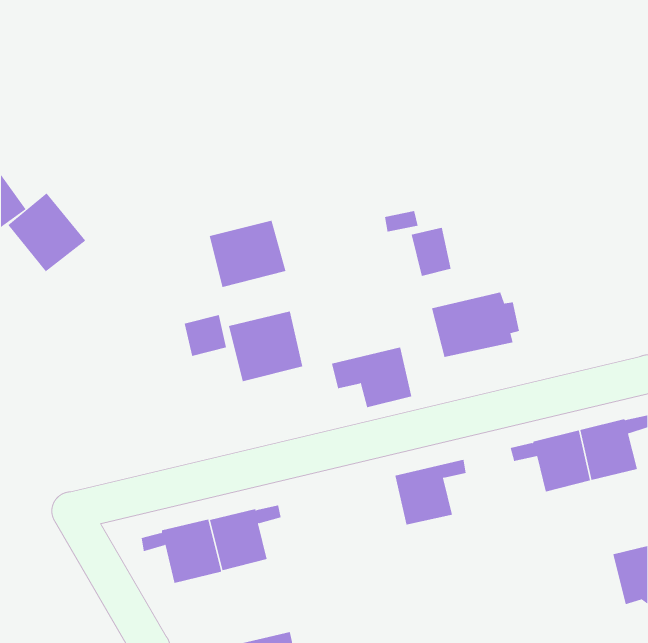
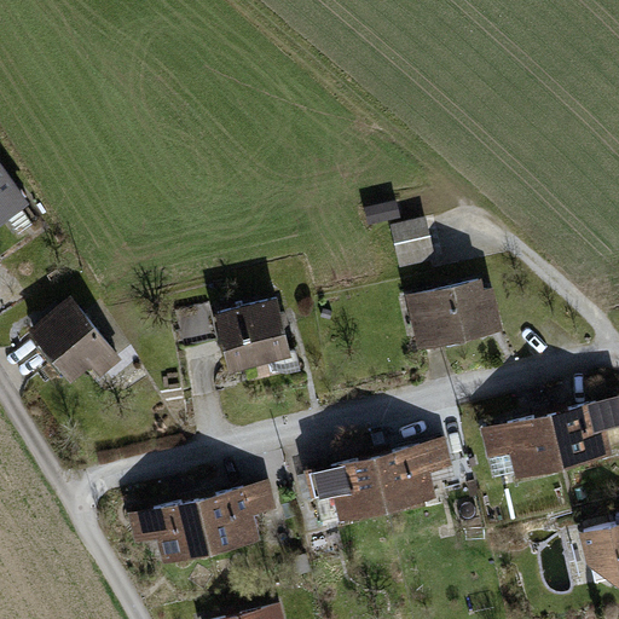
building: [7,192,86,272] -> [34,301,109,377]
building: [209,220,286,288] -> none
building: [331,347,412,408] -> [310,458,387,516]

